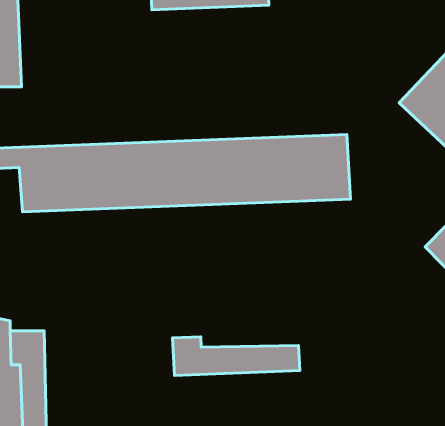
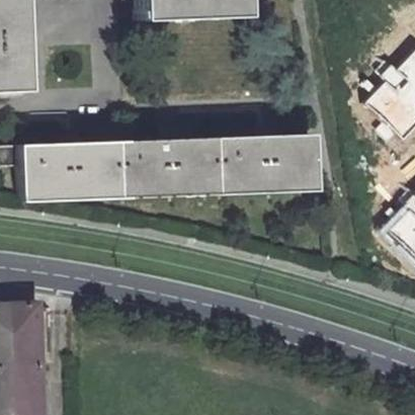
building: [172,337,300,375] -> none

